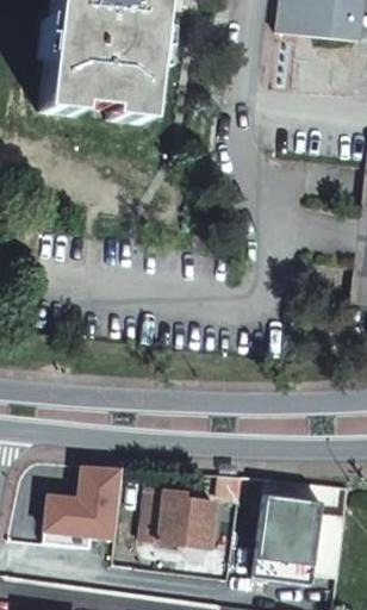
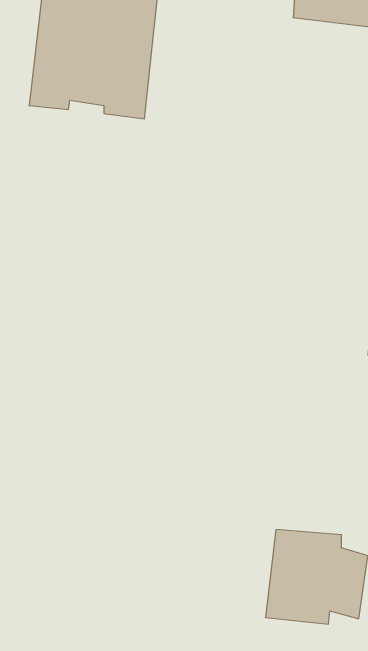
building: [41,465,120,546] -> none
building: [141,487,214,544] -> none

